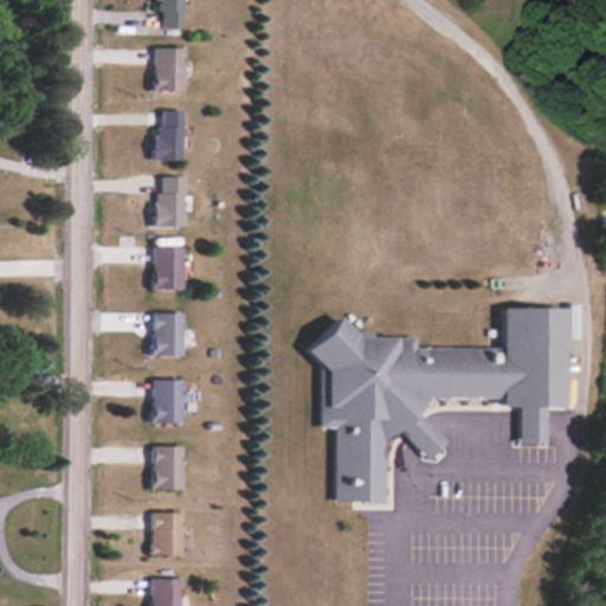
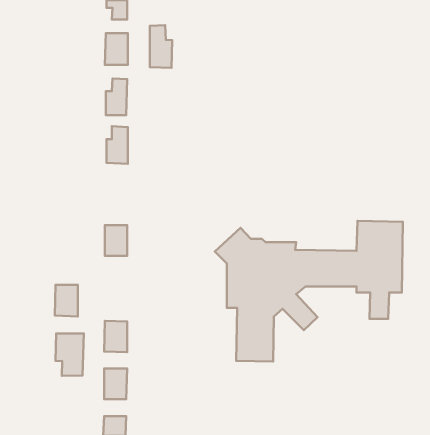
building: none -> [150,25,172,68]
building: [154,247,186,291] -> none
building: [153,380,185,424] -> [55,285,78,316]
building: none -> [56,333,84,376]

